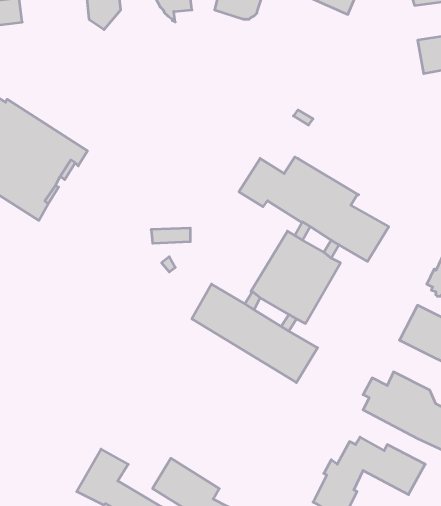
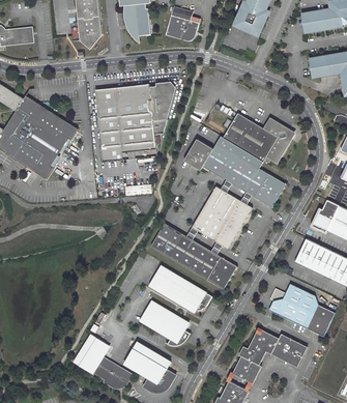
building: none -> [93,81,174,161]
building: none -> [223,112,296,163]
building: none -> [147,264,211,310]
building: none -> [138,300,187,345]

